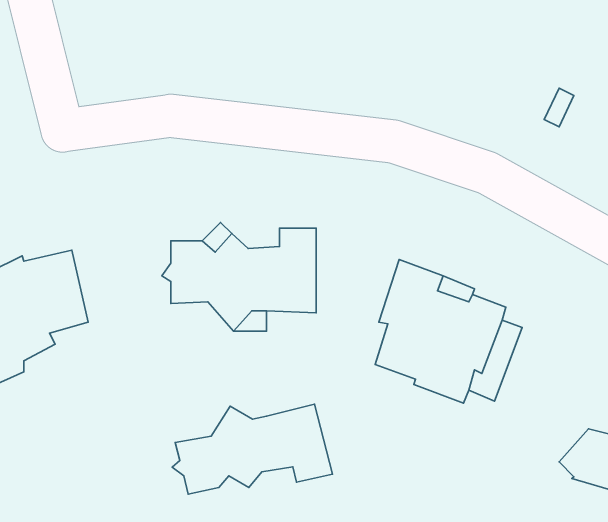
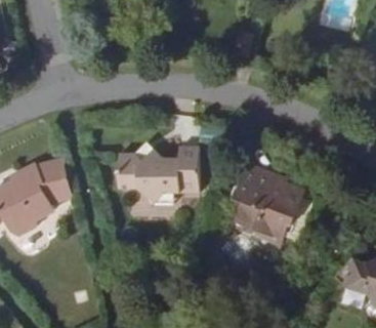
building: [172,404,332,494] -> none

